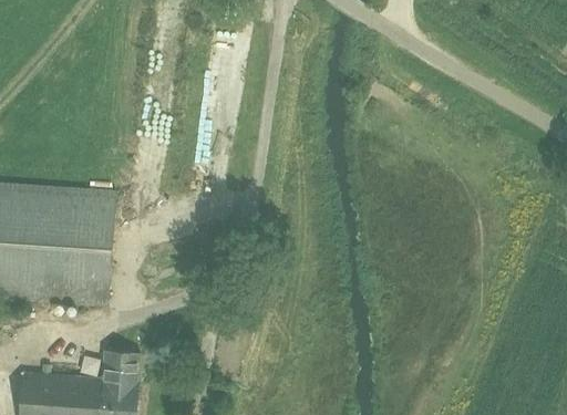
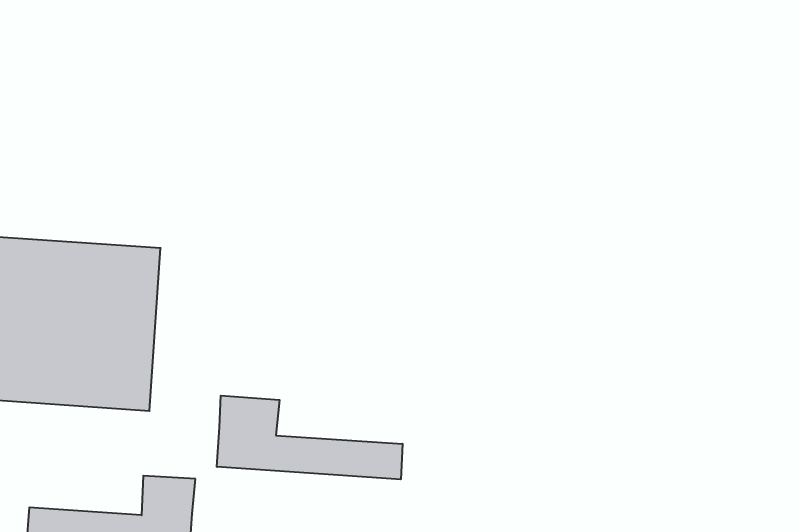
building: none -> [217,396,403,479]

